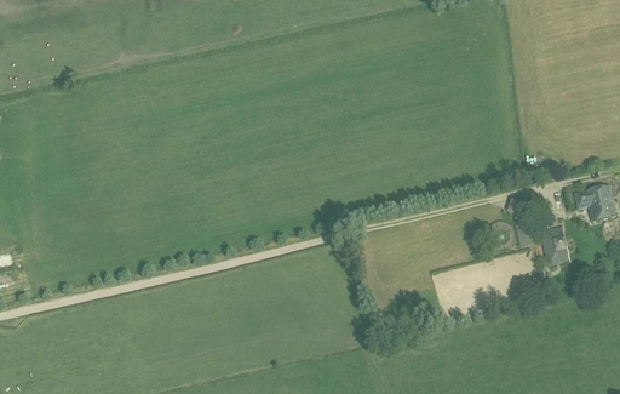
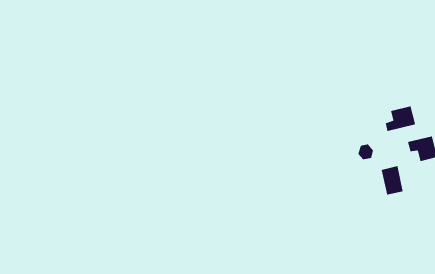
building: none -> [385,105,416,132]

